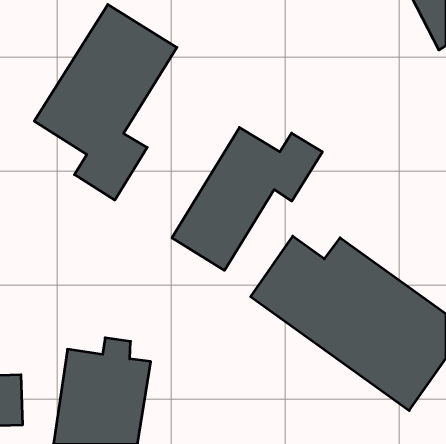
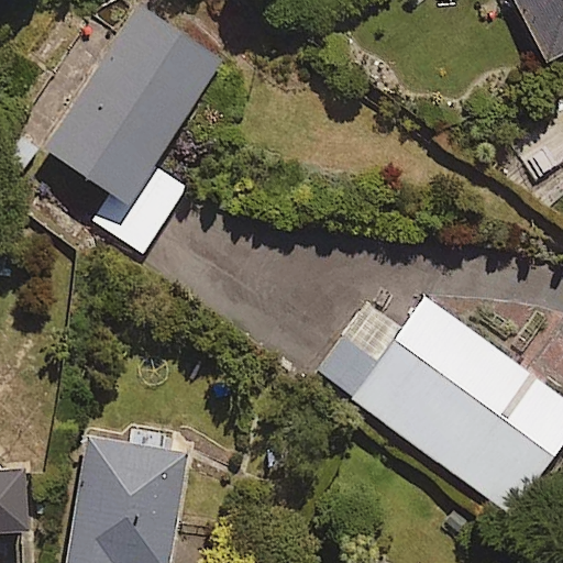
building: [172,127,322,270] -> none

